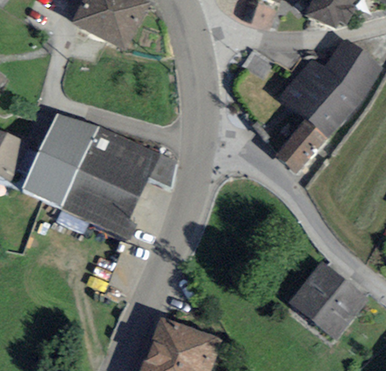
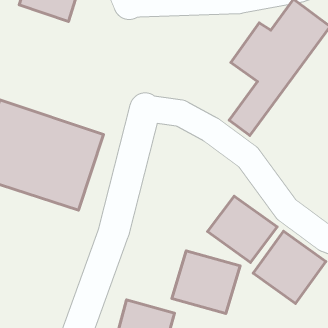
building: none -> [207,196,277,262]
building: none -> [172,251,240,313]

